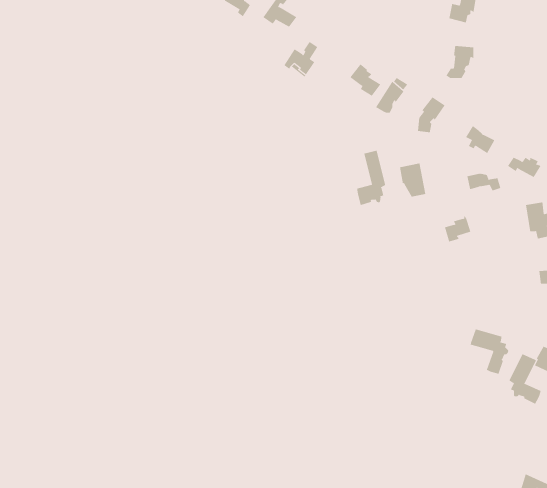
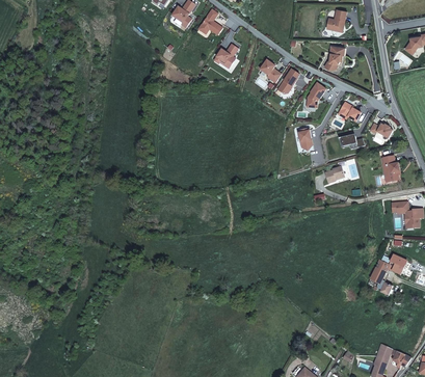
building: [356,150,386,206] -> none
building: [469,328,509,375] -> none

